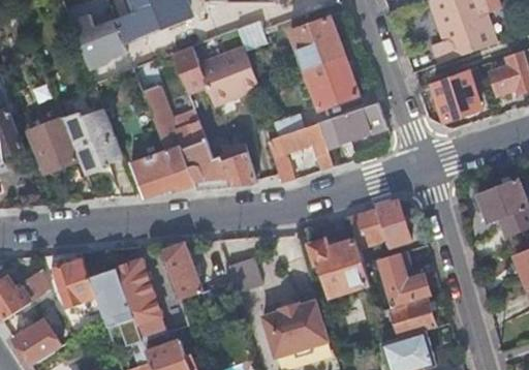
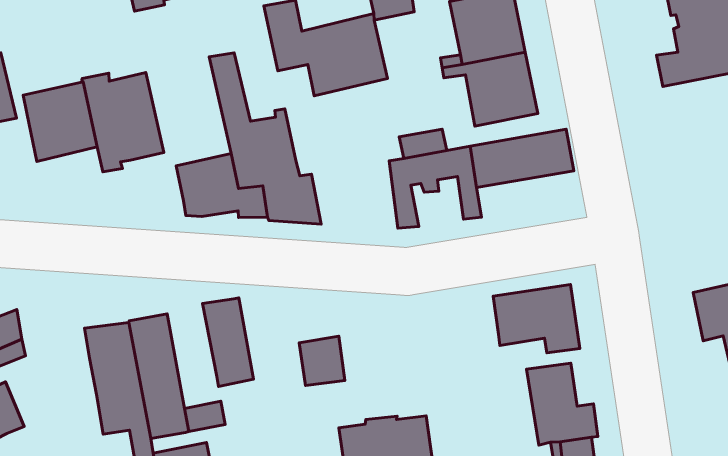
building: [432,68,481,119] -> none
building: [219,152,256,186] -> none
building: [309,239,369,296] -> none
building: [54,259,95,305] -> none

